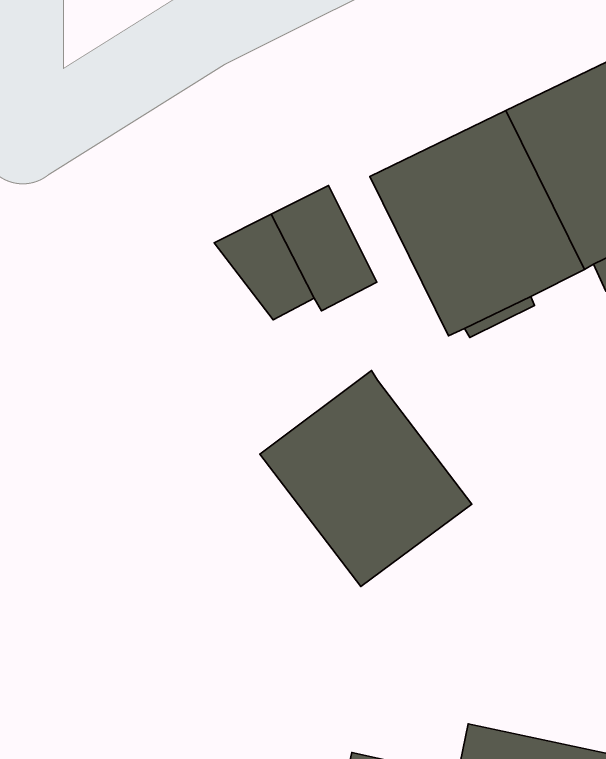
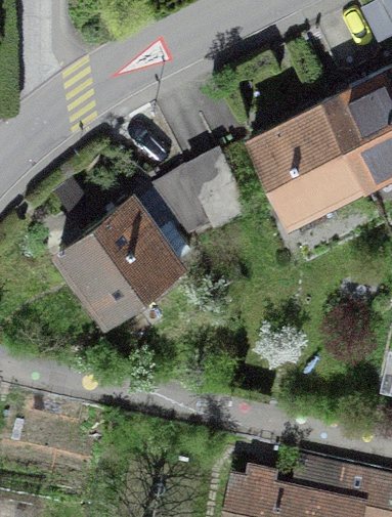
building: none -> [58,196,188,314]
building: [260,371,472,586] -> none

